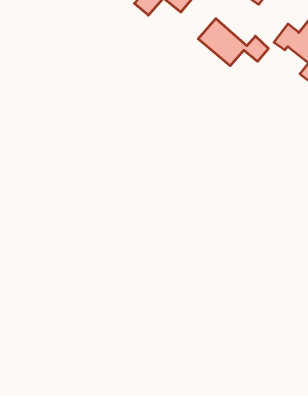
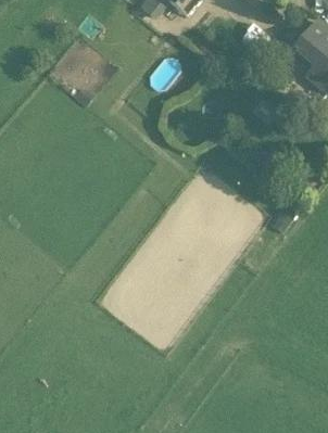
building: [198,19,268,66] -> none

